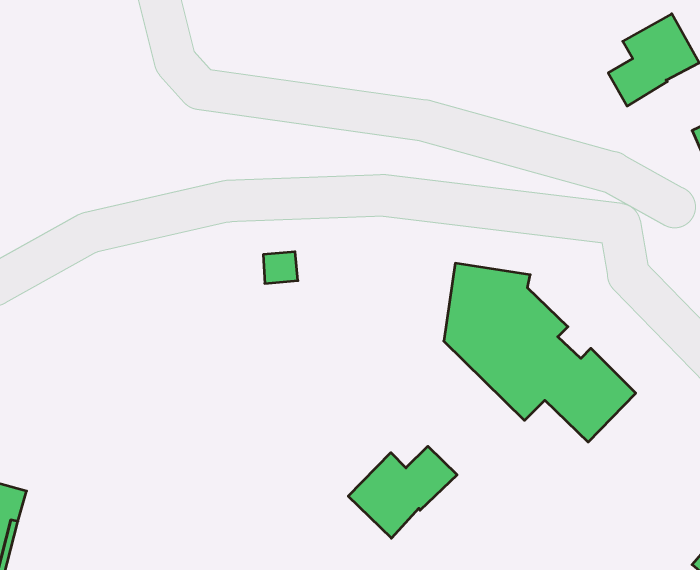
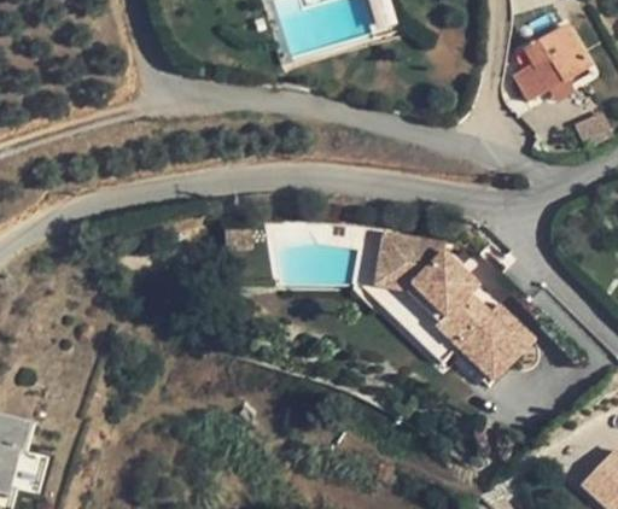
building: [348,446,457,538] -> none

